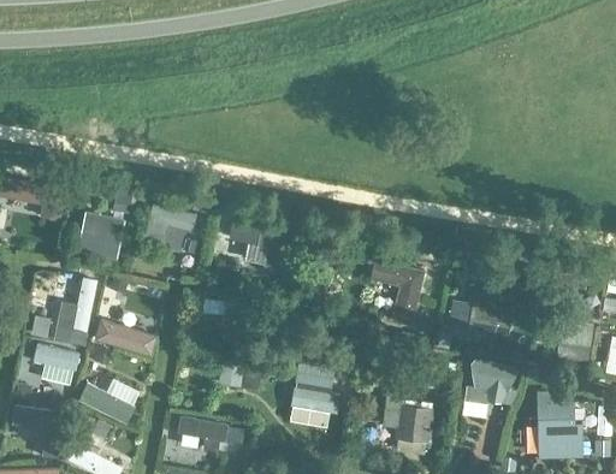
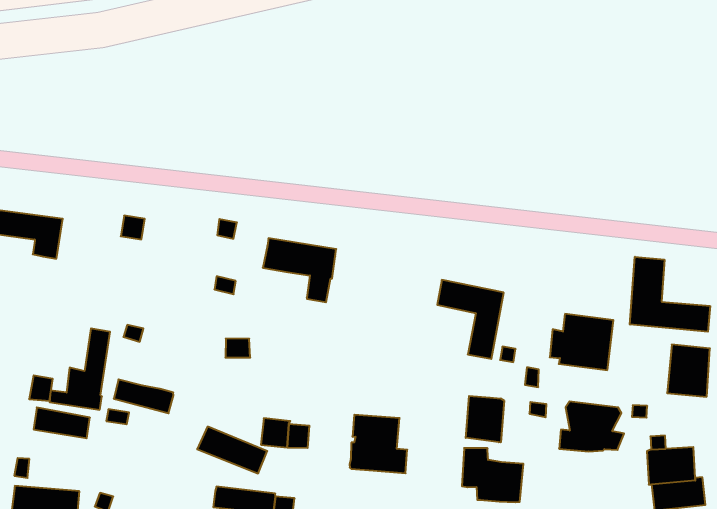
building: [143,205,195,251] -> none
building: [76,213,123,260] -> none
building: none -> [630,257,710,332]
building: none -> [466,396,504,442]
building: [77,383,135,423] -> [197,427,267,473]

